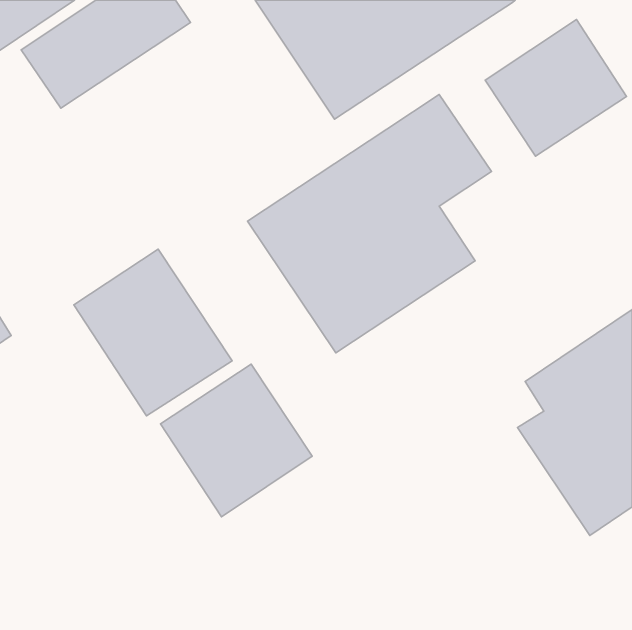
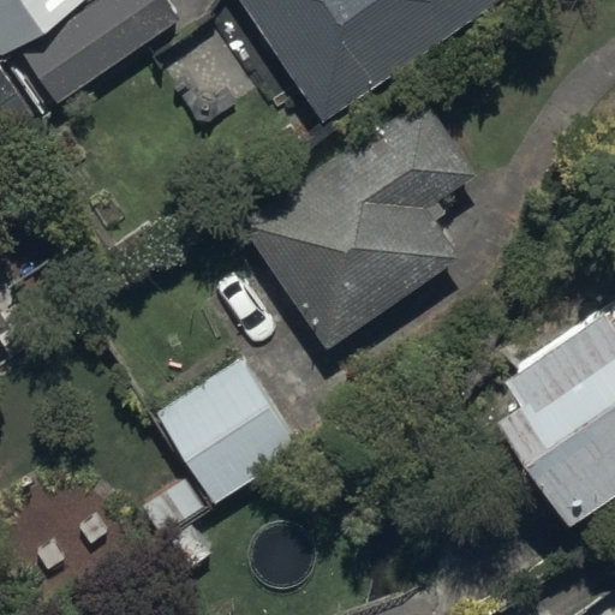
building: [485,19,626,156] -> none
building: [74,249,232,416] -> none

